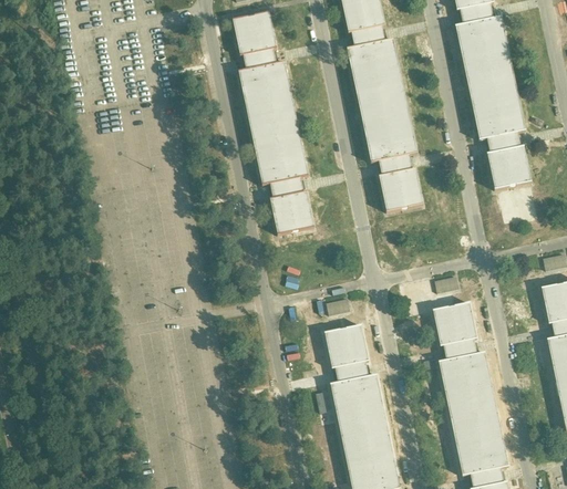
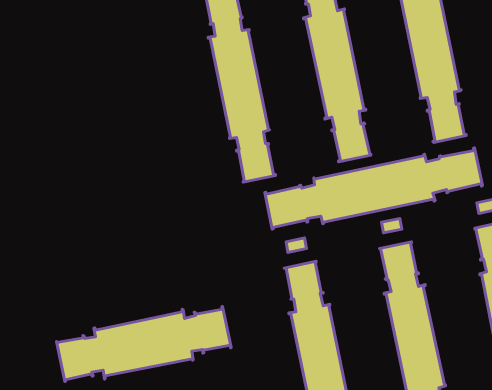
building: none -> [265,148,483,229]
building: none -> [56,306,231,381]

